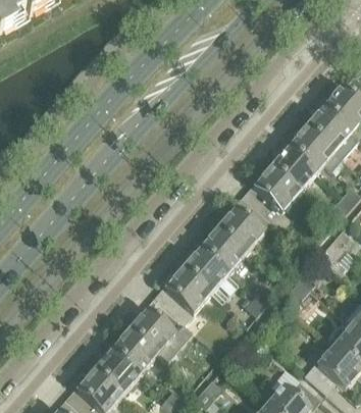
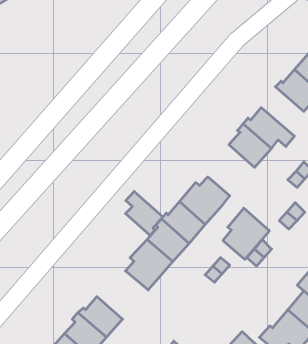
building: [304,105,350,152] -> none
building: [247,167,297,222] -> [223,208,269,259]
building: none -> [125,191,163,235]
building: [127,303,183,355] -> none

